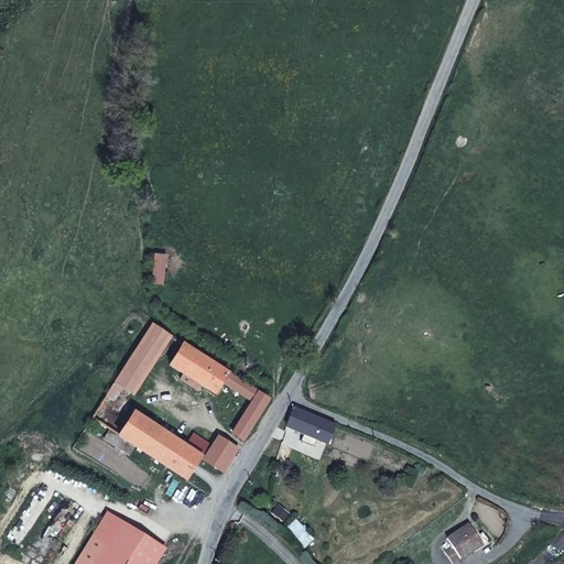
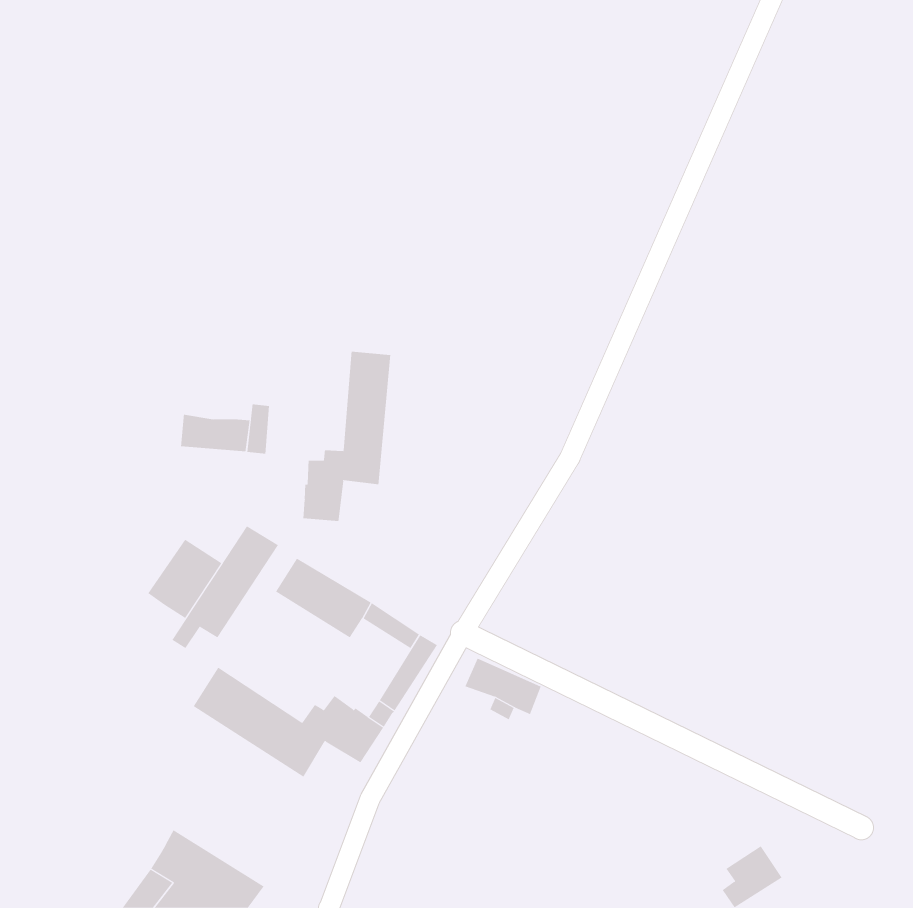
building: none -> [303,351,391,522]
building: none -> [181,414,250,452]
building: none -> [147,539,222,619]

